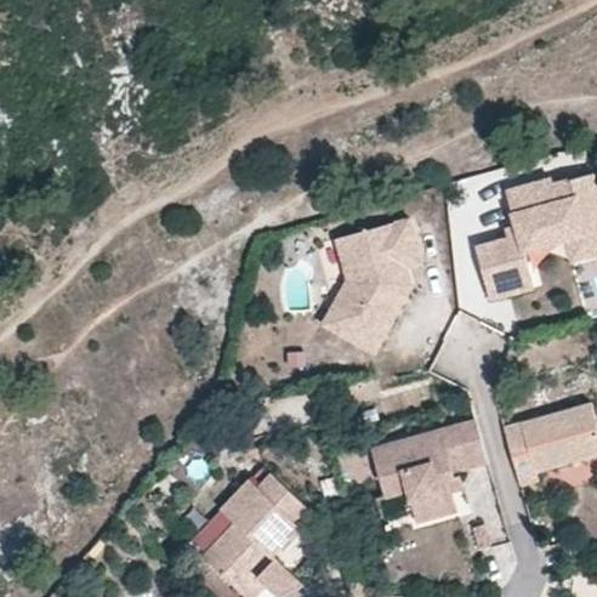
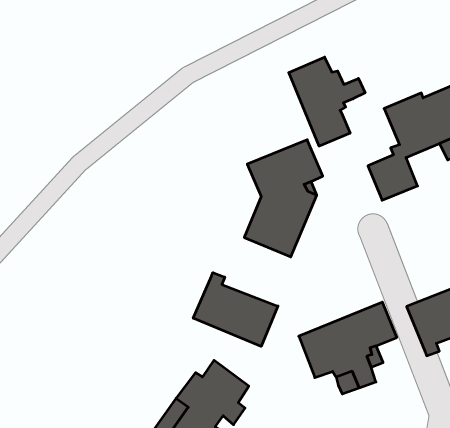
building: none -> [289,57,365,146]
building: none -> [193,273,278,346]

